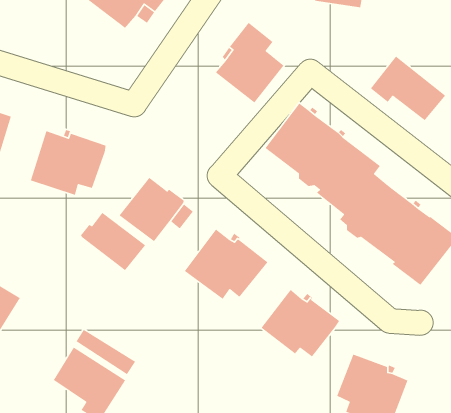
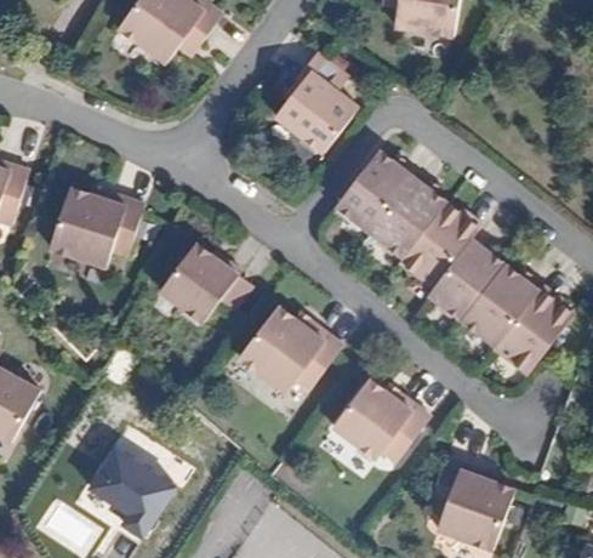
building: [370,56,446,121] -> none
building: [80,212,146,271] -> none

